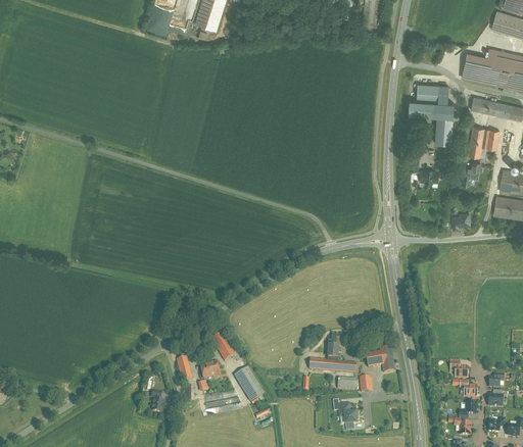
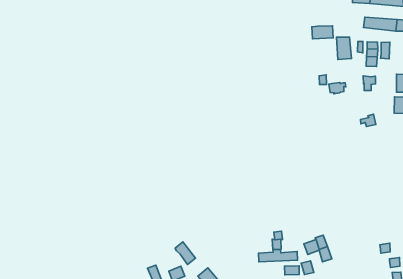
building: [417,83,448,102] -> none

